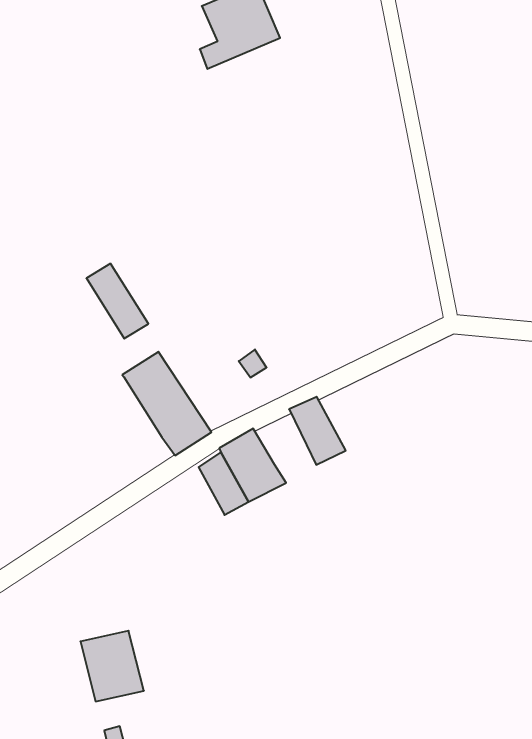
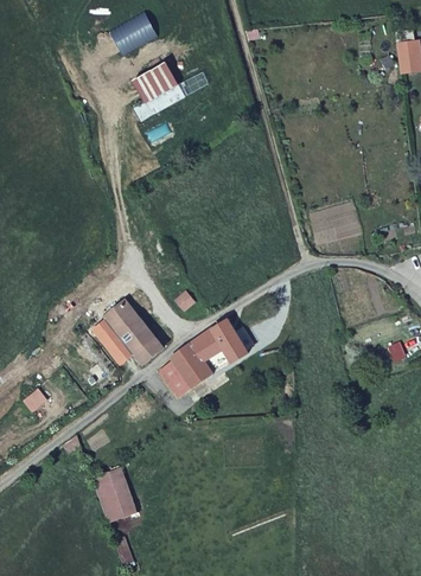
building: [86,264,148,339] -> [90,316,132,363]
building: none -> [189,327,223,363]

